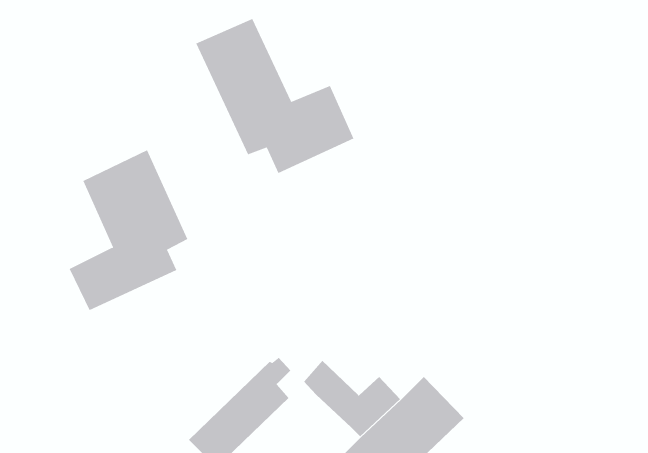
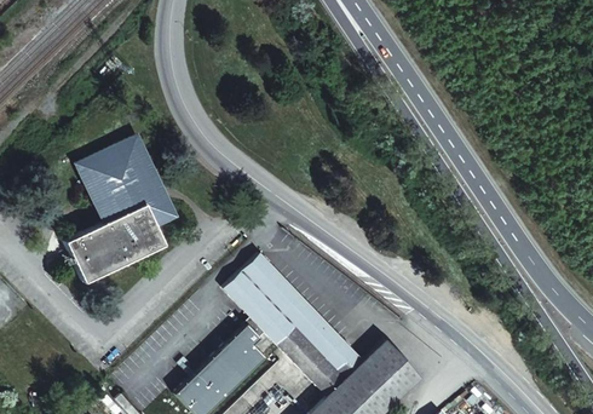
building: [196,18,354,174] -> none
building: none -> [223,254,344,356]

